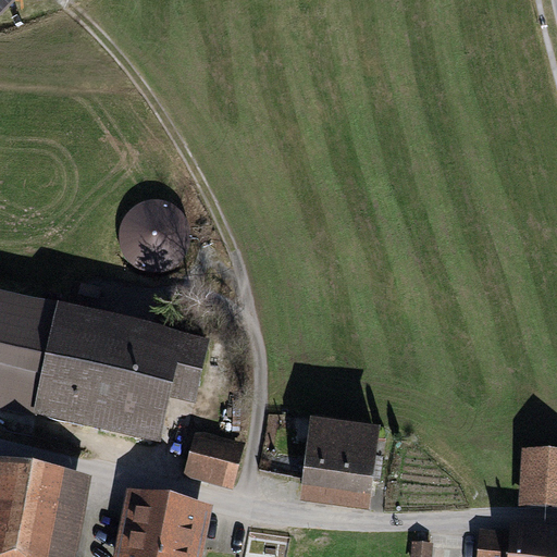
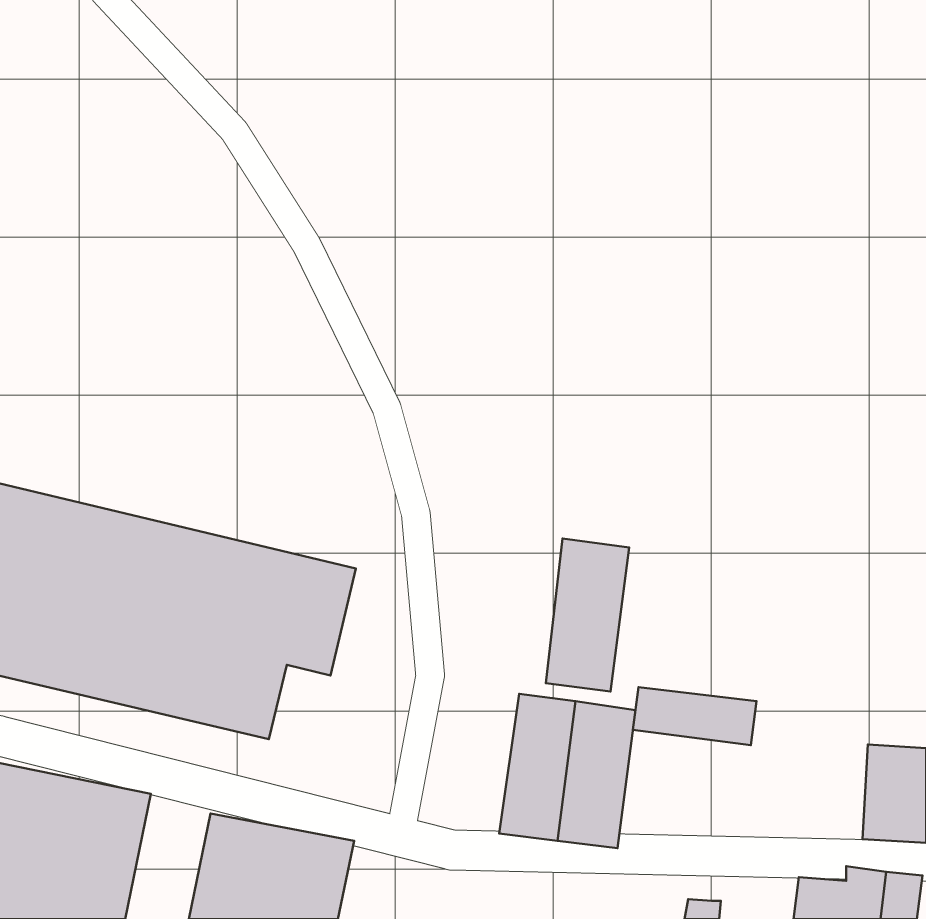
building: [119,197,189,268] -> none
building: none -> [546,538,629,692]
building: none -> [633,687,757,745]
building: [183,428,246,487] -> none

